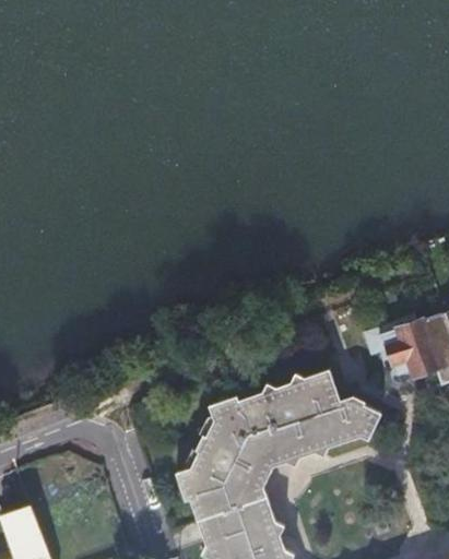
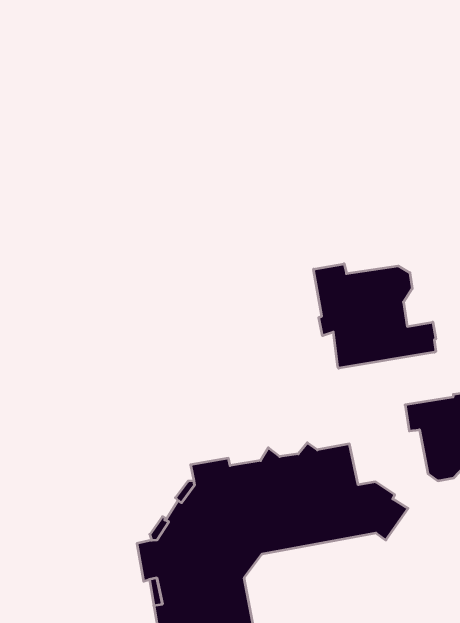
building: none -> [314,264,436,368]

